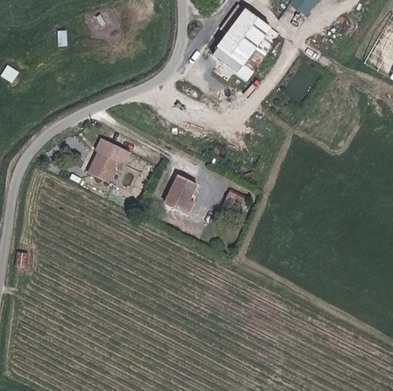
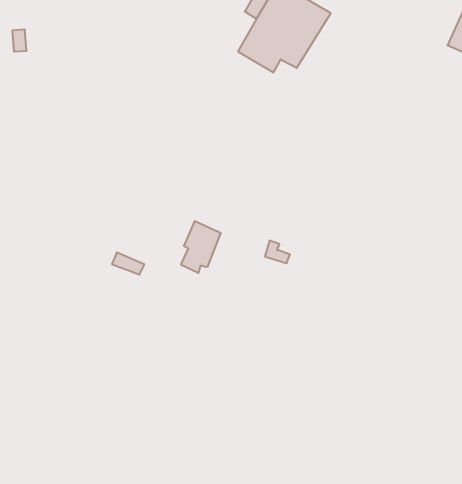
building: [85,138,126,182] -> none

